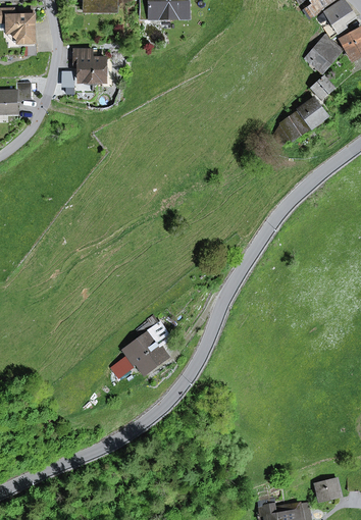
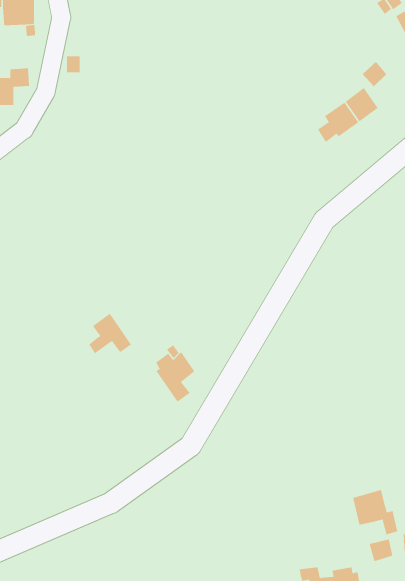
building: [308,36,342,70] -> none
building: [74,50,107,82] -> none
building: [119,339,156,373] -> [88,313,132,354]
building: none -> [353,489,398,535]

